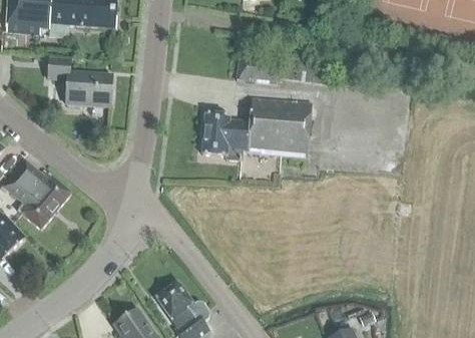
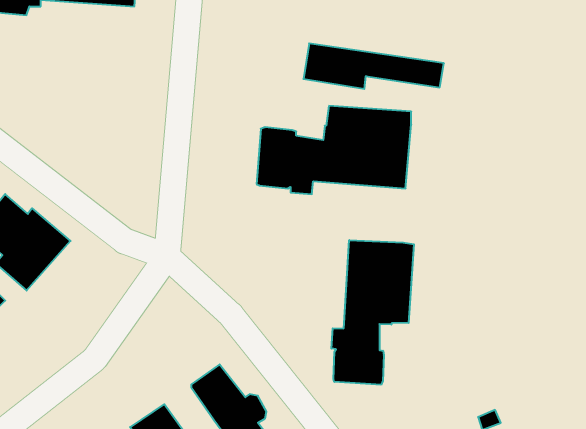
building: [48,57,111,105] -> none
building: none -> [331,240,414,385]

